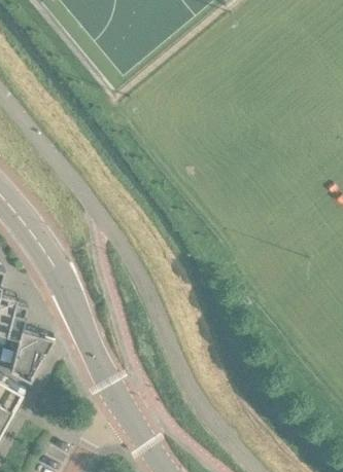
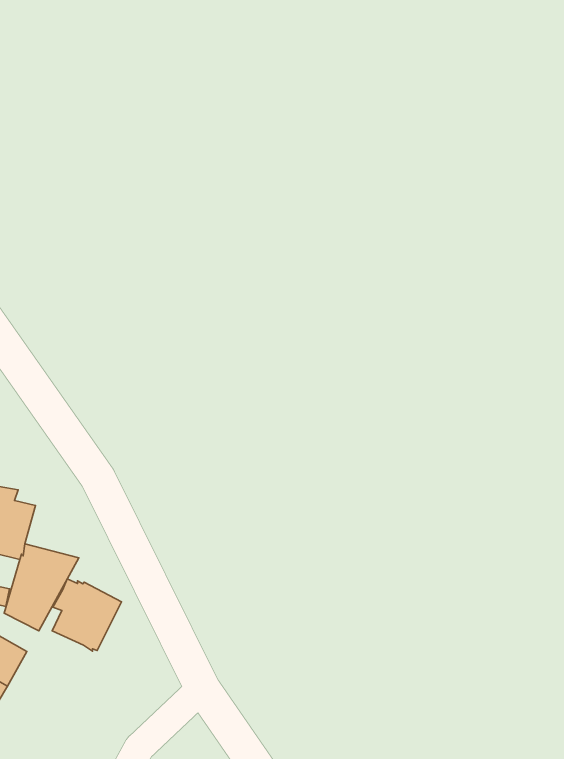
building: none -> [52,579,121,651]

